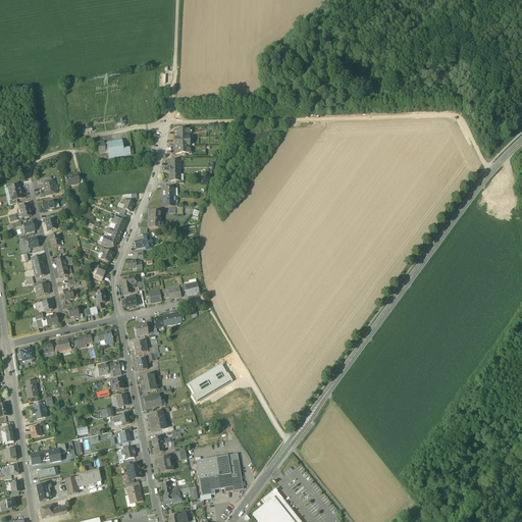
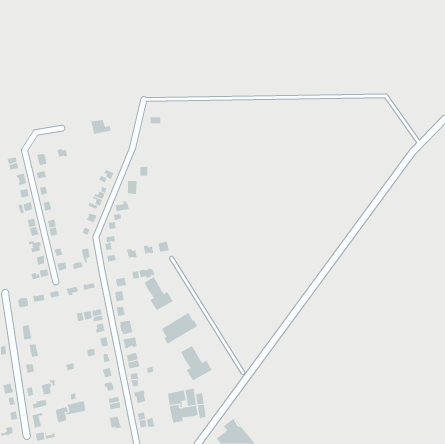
building: none -> [144,276,173,311]
building: none -> [180,345,213,381]

